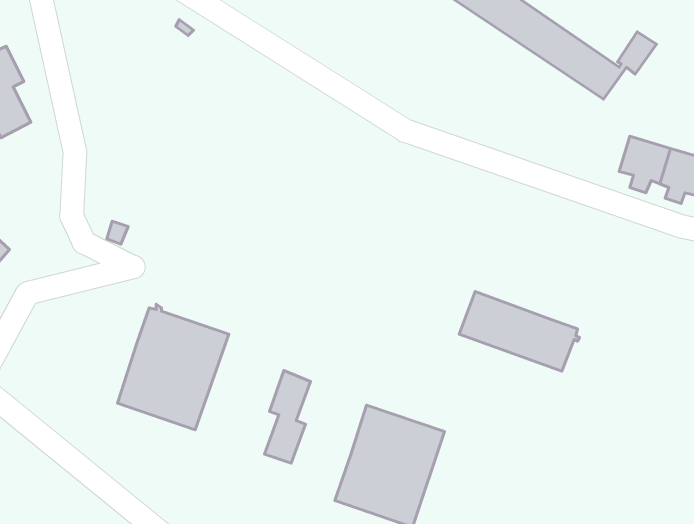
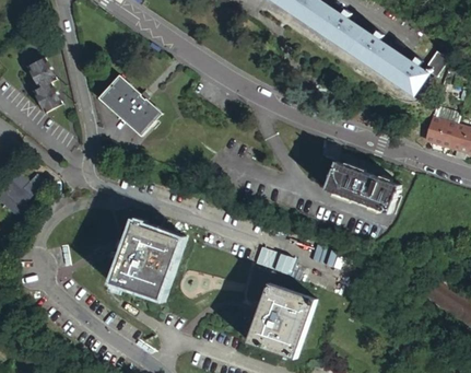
building: none -> [98,75,160,135]
building: [459,292,579,371] -> [325,163,399,212]
building: [264,370,310,463] -> none

